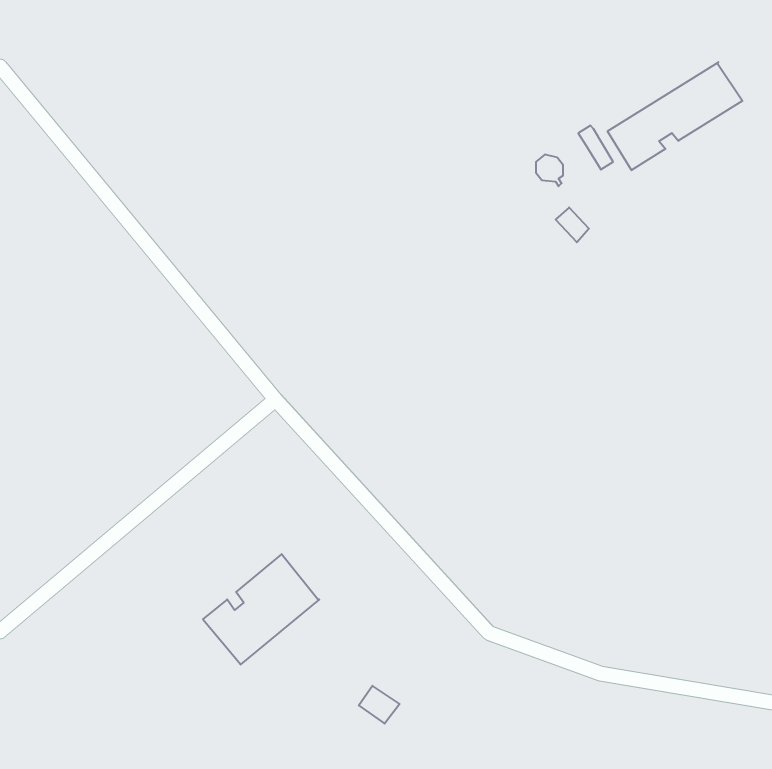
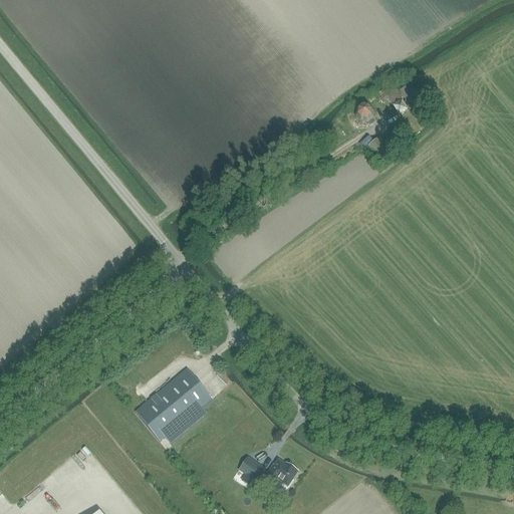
building: [608,62,742,170] -> none
building: none -> [263,458,299,487]

